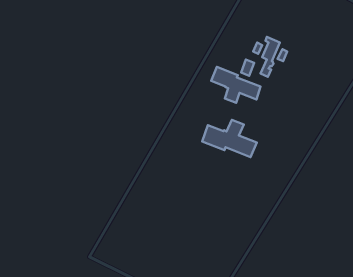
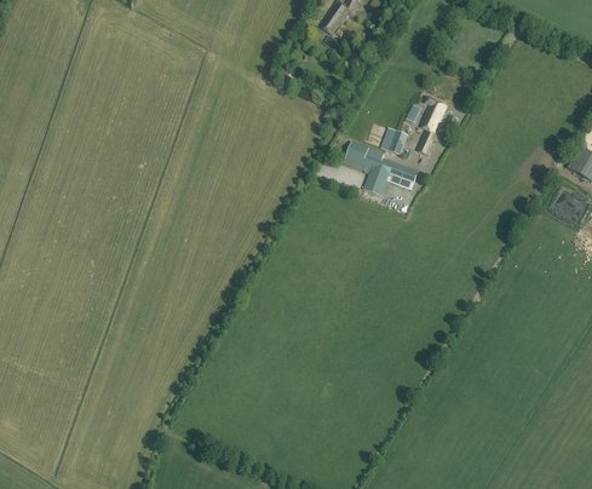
building: [202,120,257,157] -> none

